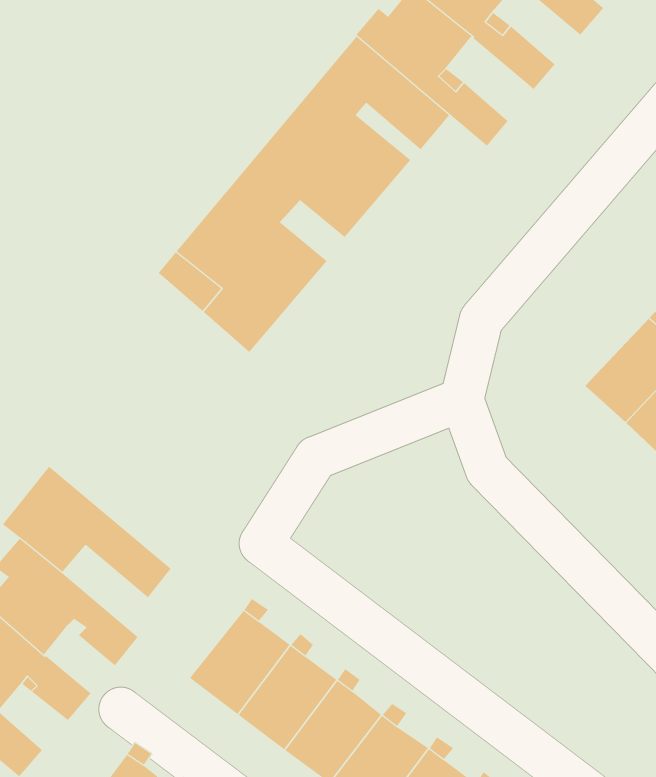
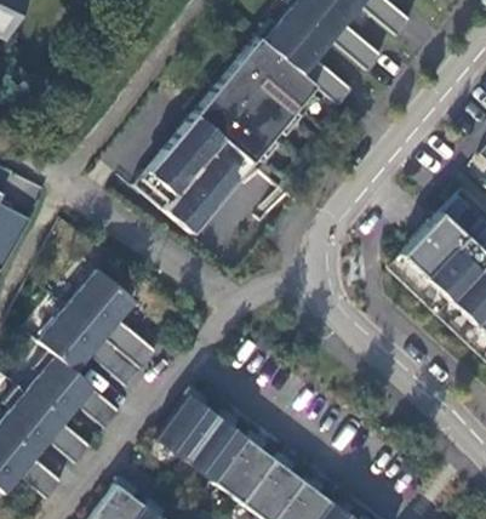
building: none -> [68,270,160,370]

